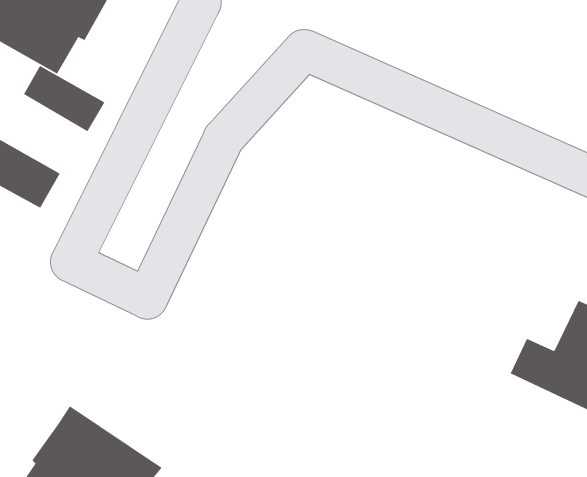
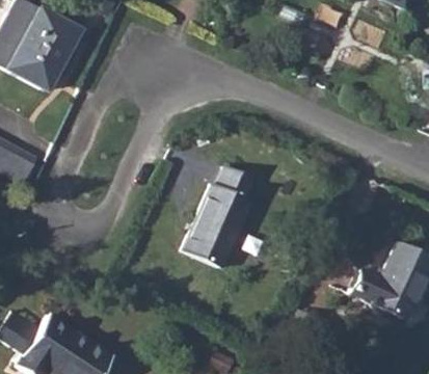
building: [23,65,105,132] -> none
building: none -> [184,166,253,267]

